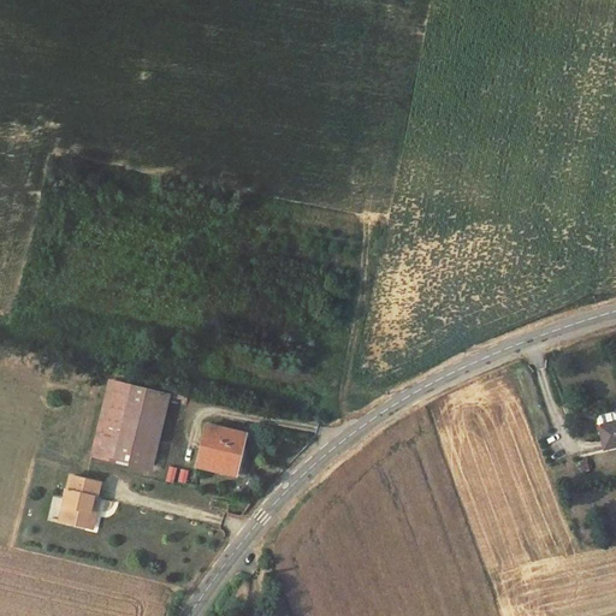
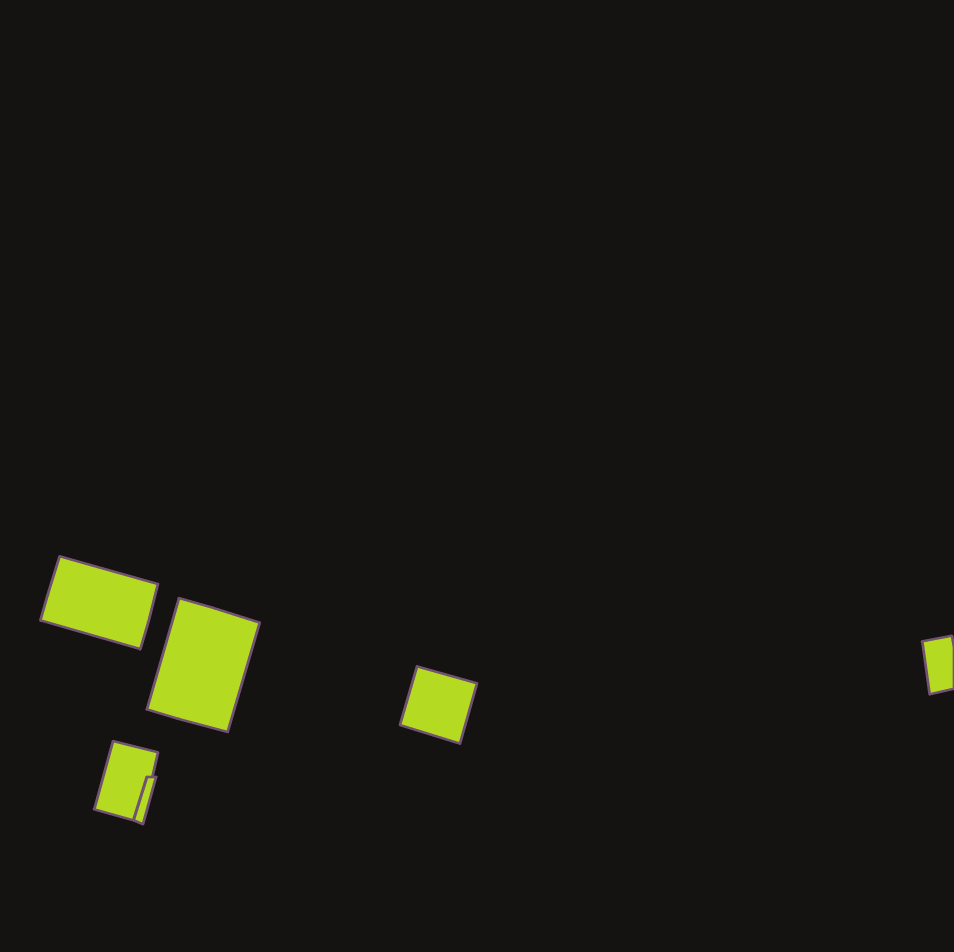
building: none -> [41,556,158,649]
building: [197,427,247,476] -> [400,666,477,744]

